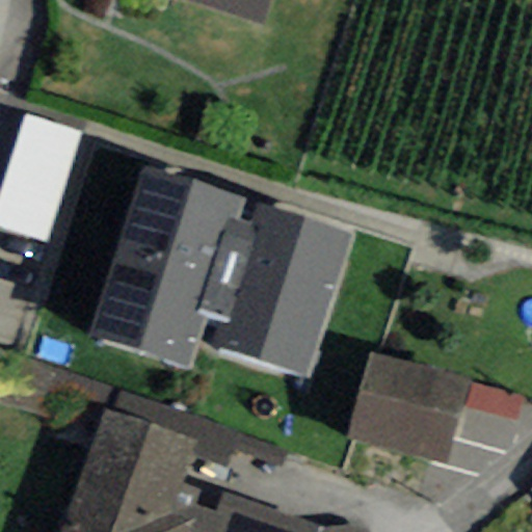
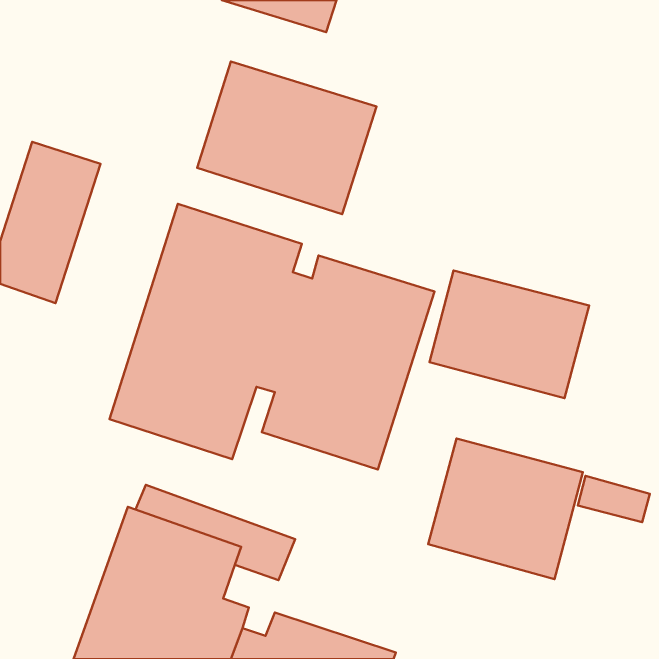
building: none -> [197,61,376,214]
building: none -> [430,271,589,398]

